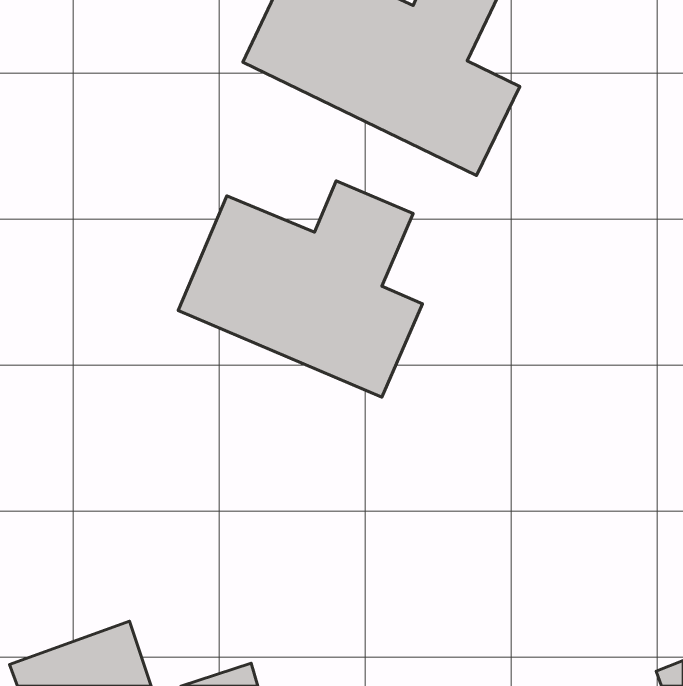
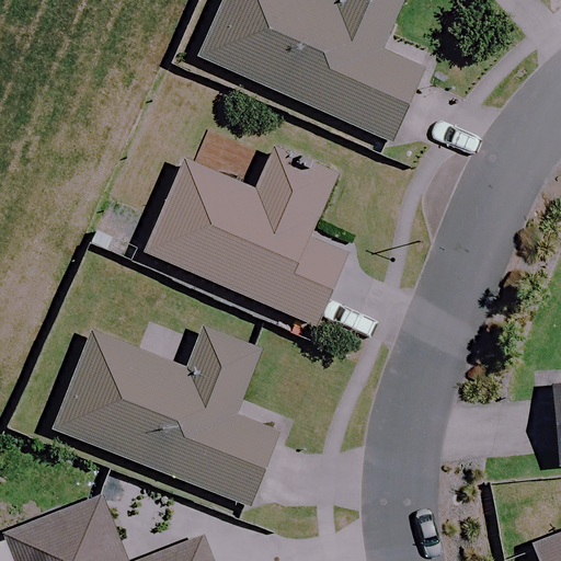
building: none -> [55,328,279,506]

